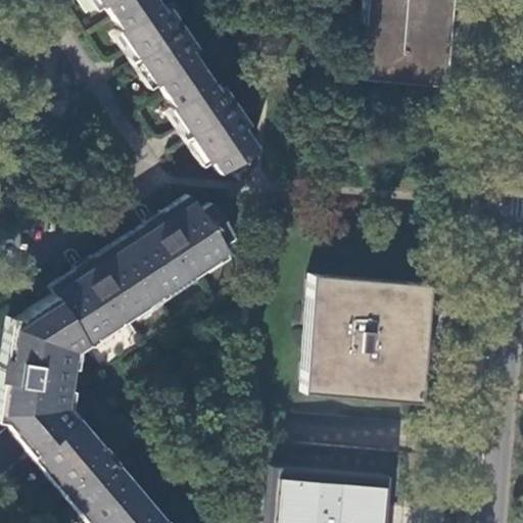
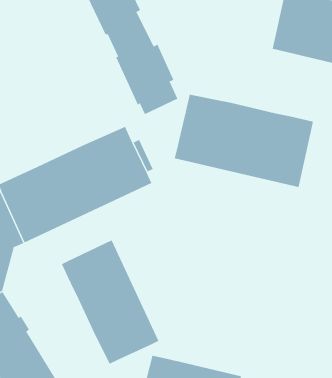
building: none -> [174,94,314,188]
building: [303,276,431,401] -> none
building: none -> [61,240,159,364]

